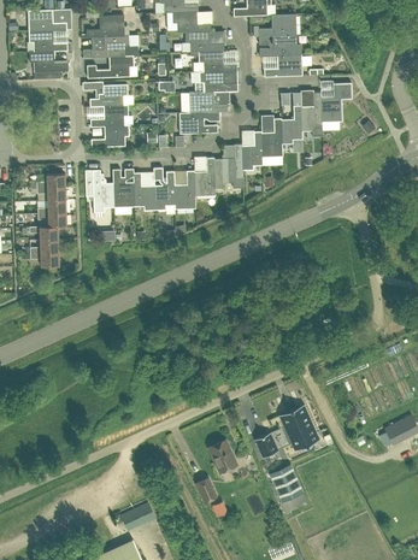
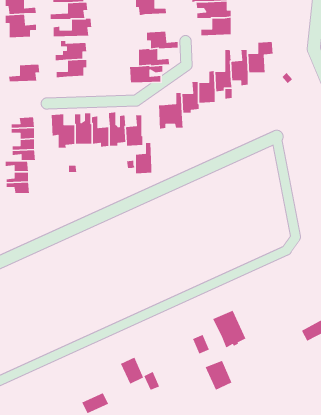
building: [198,49,236,71] -> none
building: [90,124,129,146] -> [8,64,40,82]
building: [194,157,214,195] -> [135,142,152,174]
building: [207,438,236,472] -> [120,357,144,385]

